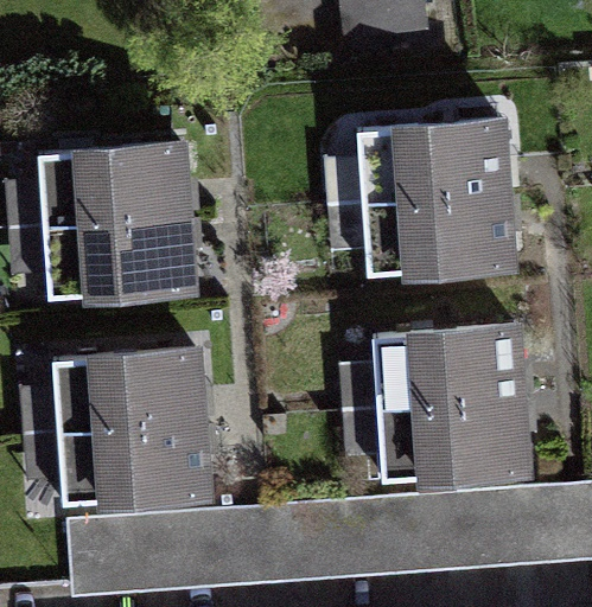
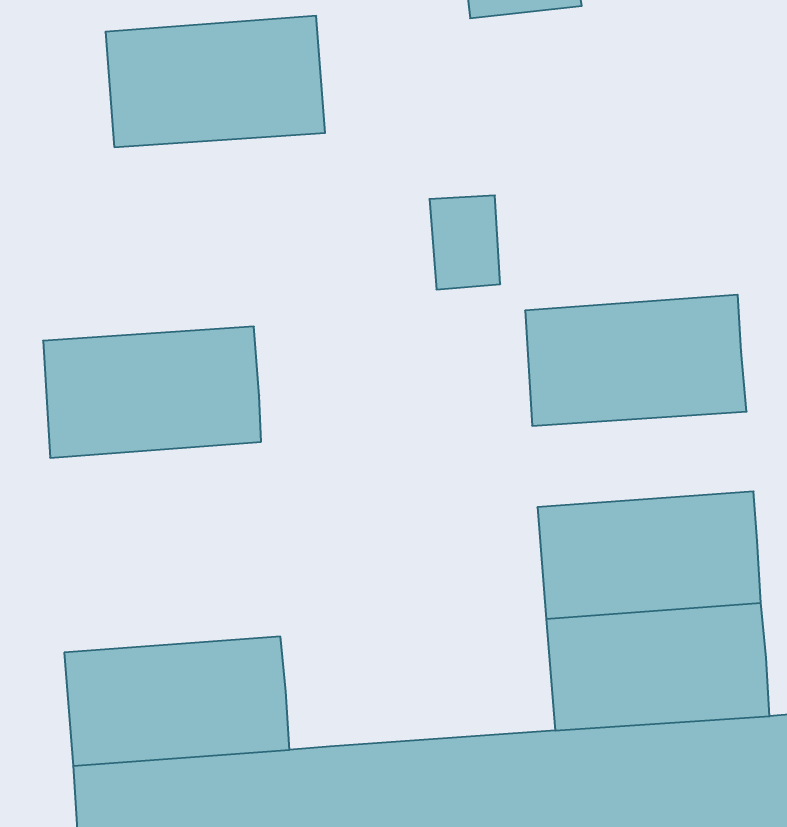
building: [363,124,511,212] -> none
building: [40,145,187,232] -> [105,16,325,147]
building: [55,354,205,441] -> none

